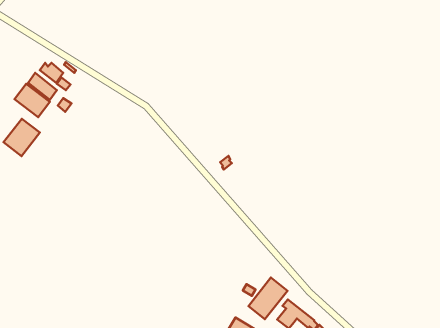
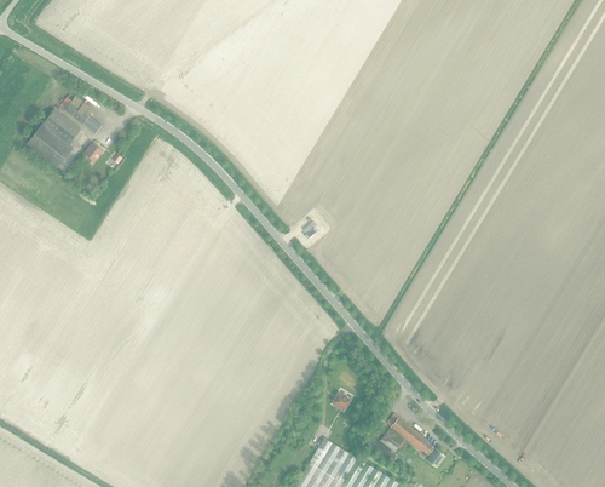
building: [4,119,40,156] -> none
building: [248,278,287,319] -> none

